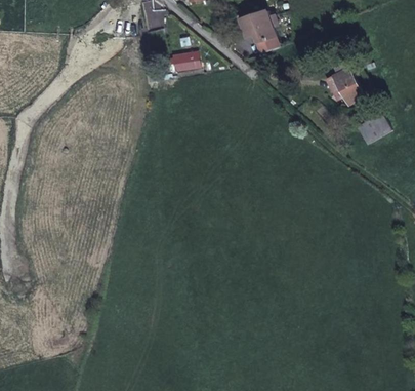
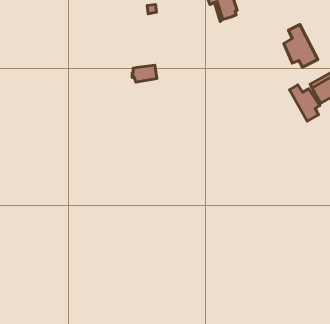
building: [172,51,199,70] -> [132,65,157,82]
building: none -> [289,85,320,121]

